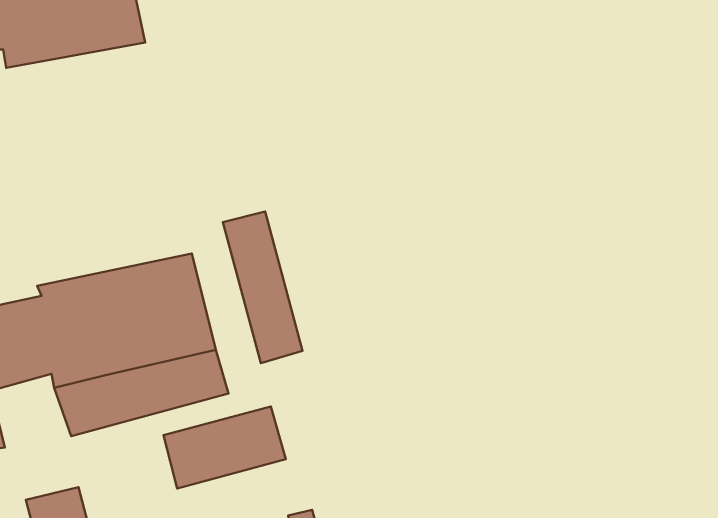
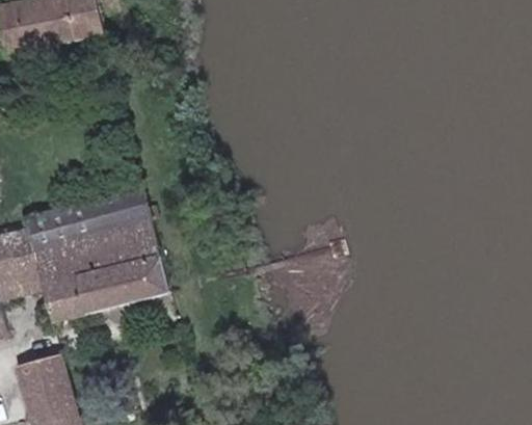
building: [223,212,302,363] -> none
building: [163,406,286,488] -> none

